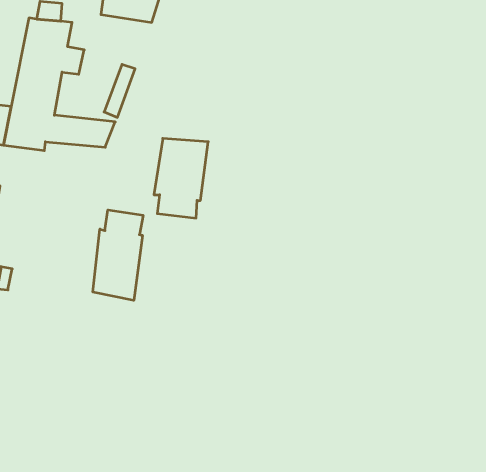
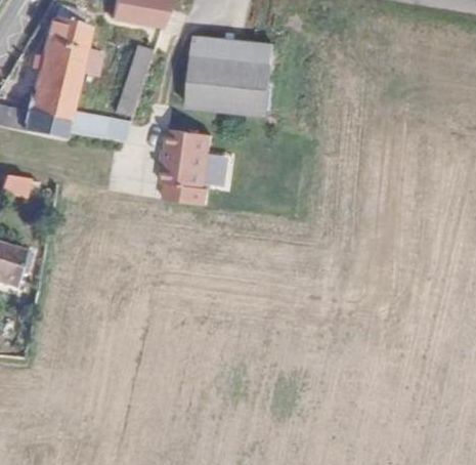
building: none -> [187,35,275,115]
building: [93,210,143,300] -> none

